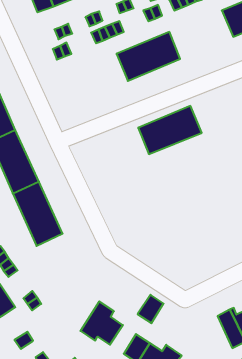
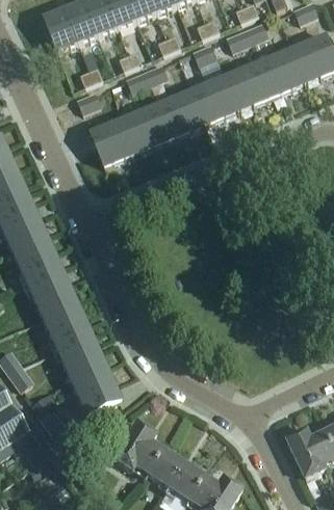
building: none -> [226,49,307,110]
building: [138,106,202,154] -> [92,104,173,165]
building: none -> [56,332,120,413]
building: [138,295,164,323] -> [150,449,183,485]

